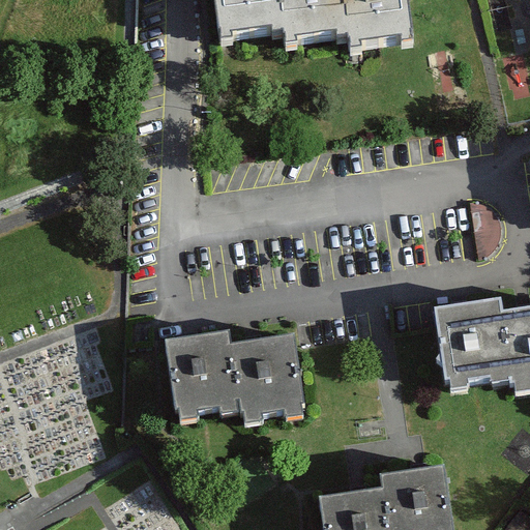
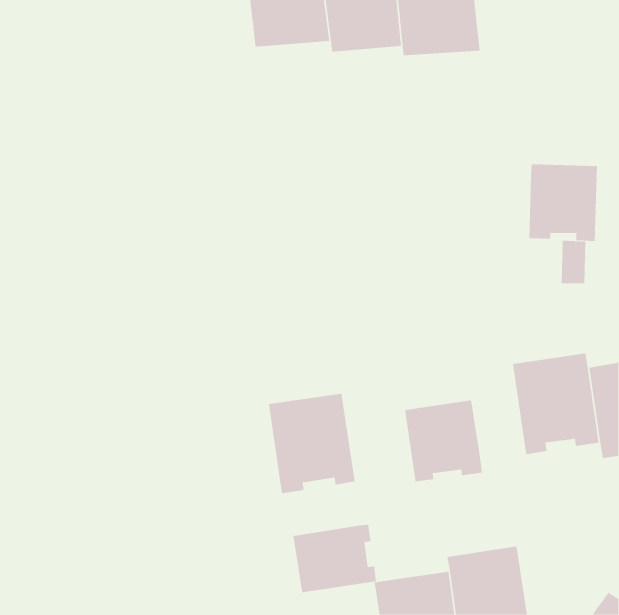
building: none -> [529,164,597,242]
building: [166,331,238,418] -> none
building: none -> [404,400,482,482]
building: none -> [293,524,376,593]

